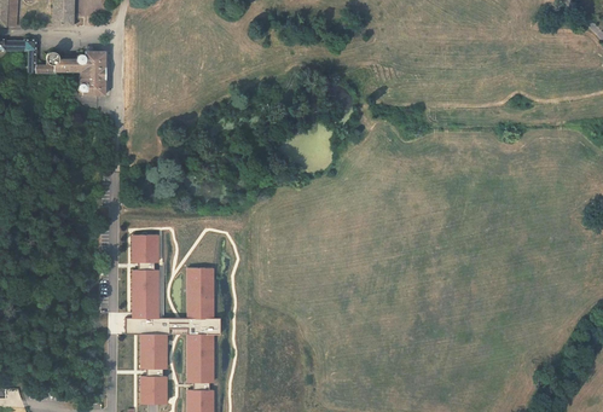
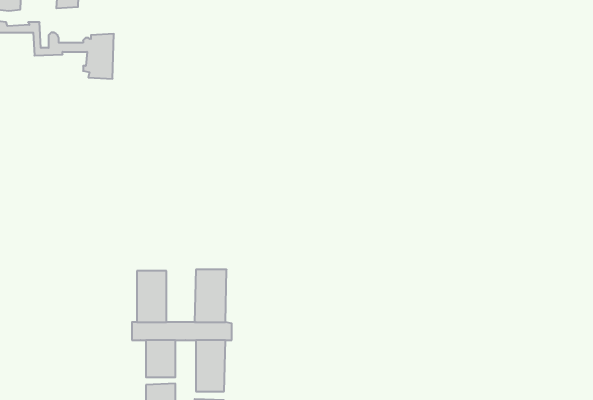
building: [131,237,158,266] -> none

